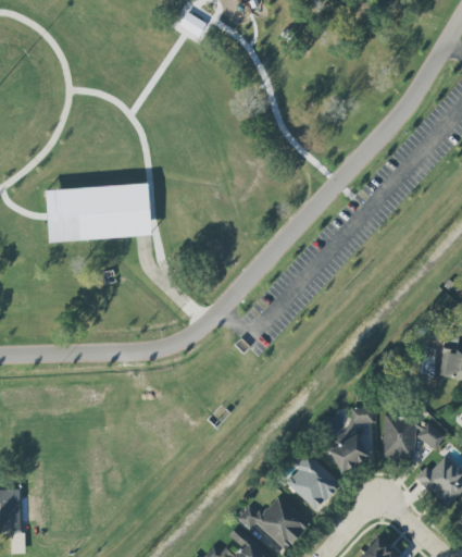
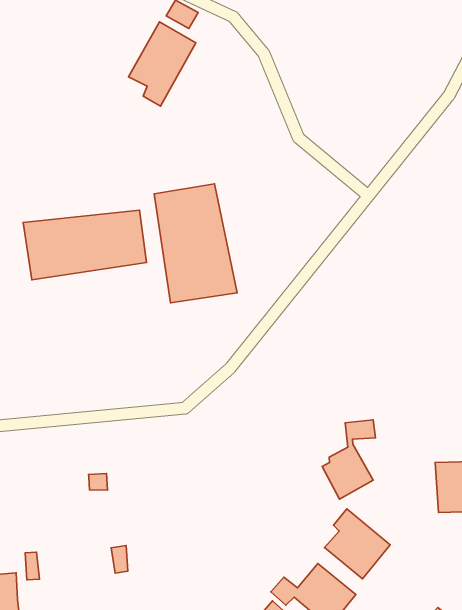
building: none -> [128,22,196,106]
building: none -> [154,184,237,303]
building: [327,408,374,473] -> [322,420,376,499]

